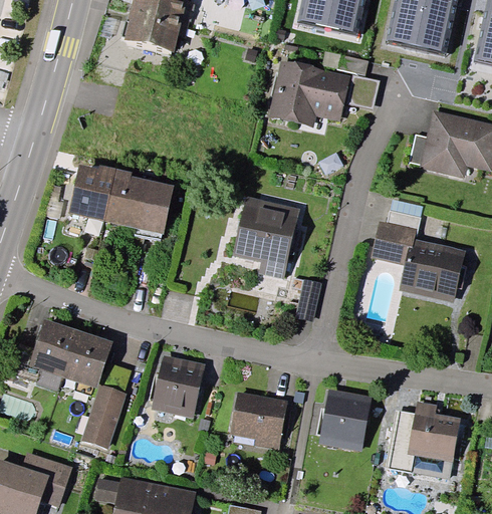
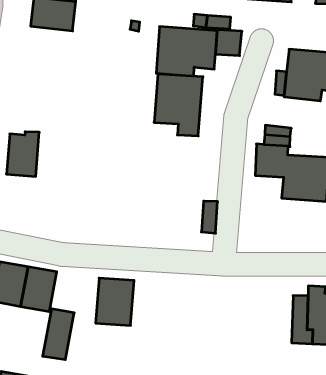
building: [103,168,174,234] -> none
building: [232,197,299,279] -> [154,74,203,136]
building: [318,389,371,452] -> none
building: [229,392,287,450] -> none

